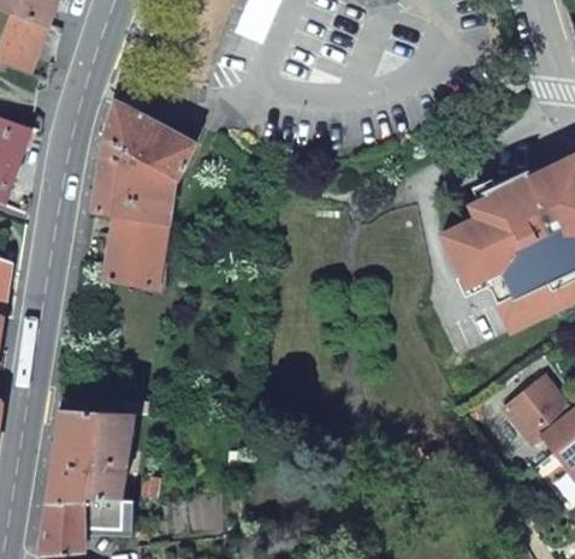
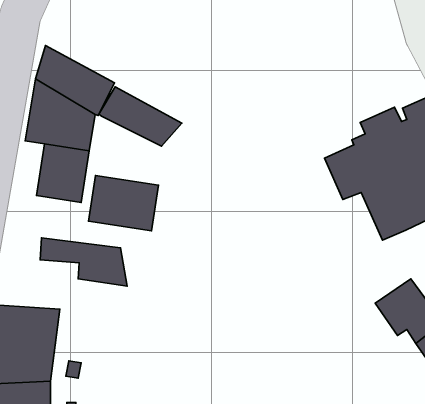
building: none -> [99,87,182,146]
building: none -> [89,175,158,231]
building: none -> [40,238,127,286]

